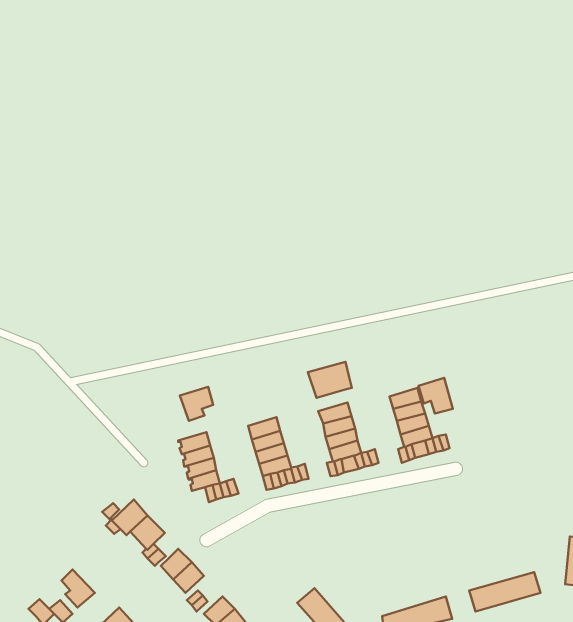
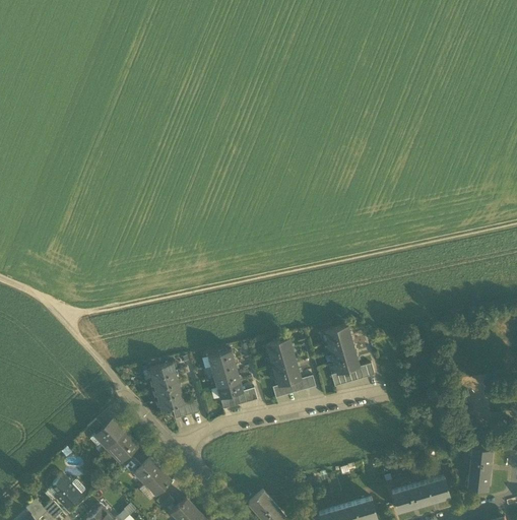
building: [308,362,352,398] -> none
building: [419,378,453,413] -> none
building: [180,387,213,421] -> none

